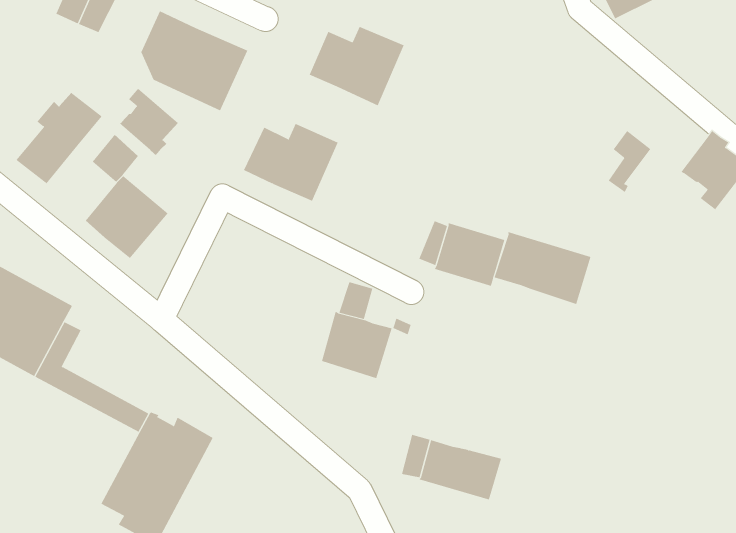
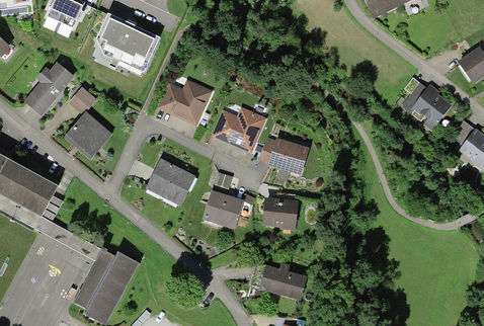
building: [309,26,404,106] -> [211,106,266,153]
building: [119,88,179,156] -> none
building: [608,130,651,193] -> [401,77,426,113]
building: [494,231,591,305] -> none
building: none -> [145,158,195,206]
building: none -> [261,197,298,230]

